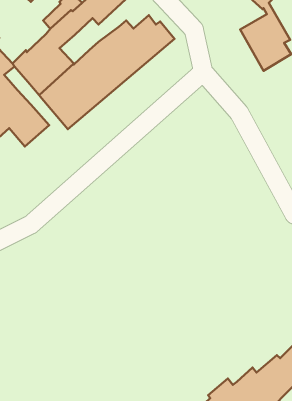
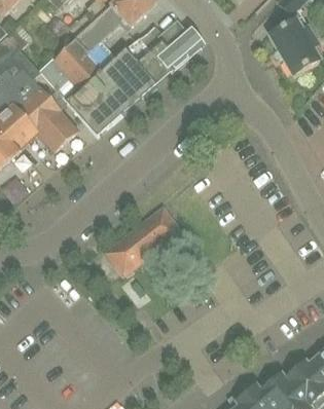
building: none -> [105,209,178,273]

